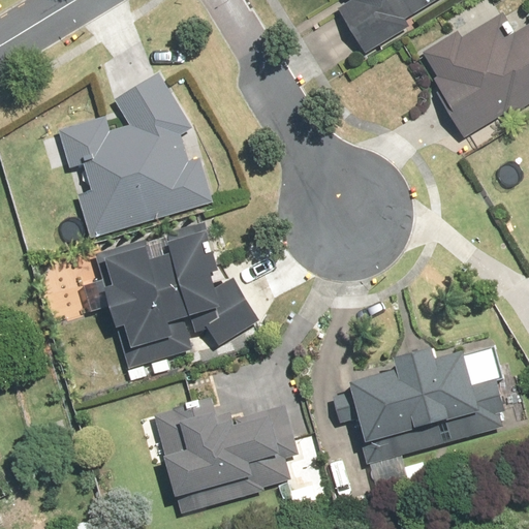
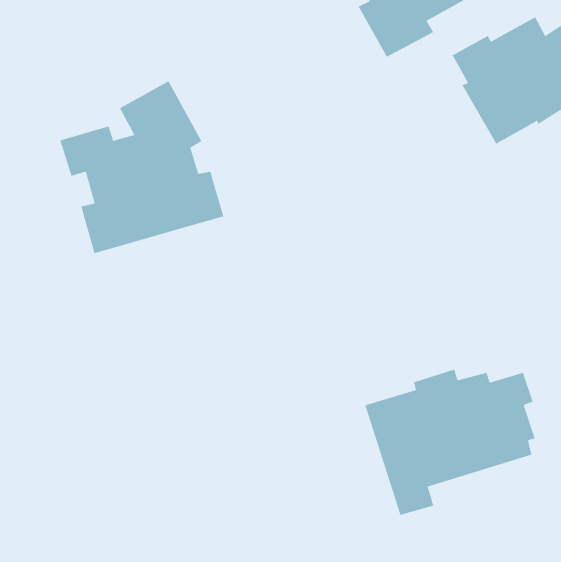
building: [100,230,253,367] -> none
building: [139,394,300,512] -> none

